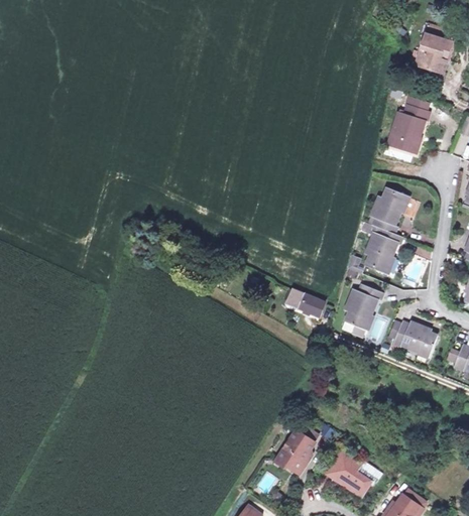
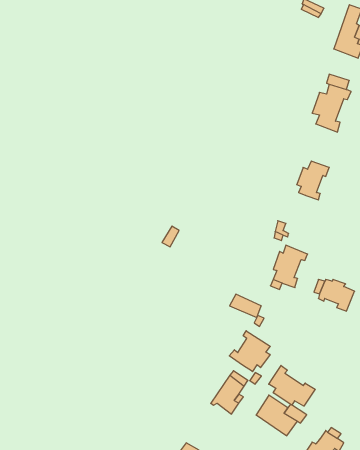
building: [366,224,403,273] -> none
building: [289,292,325,318] -> [230,294,261,318]
building: none -> [229,331,270,372]
building: none -> [269,365,315,406]

